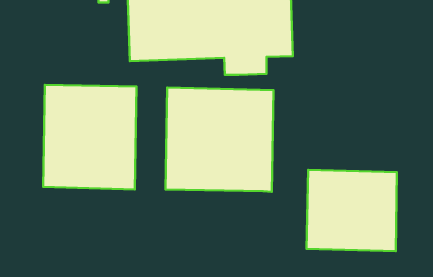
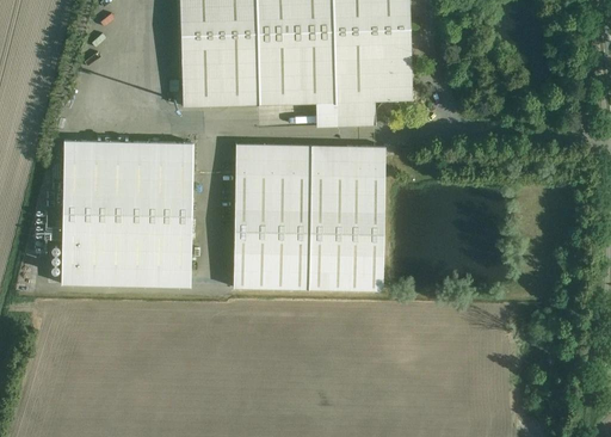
building: [306,170,397,251] -> none

